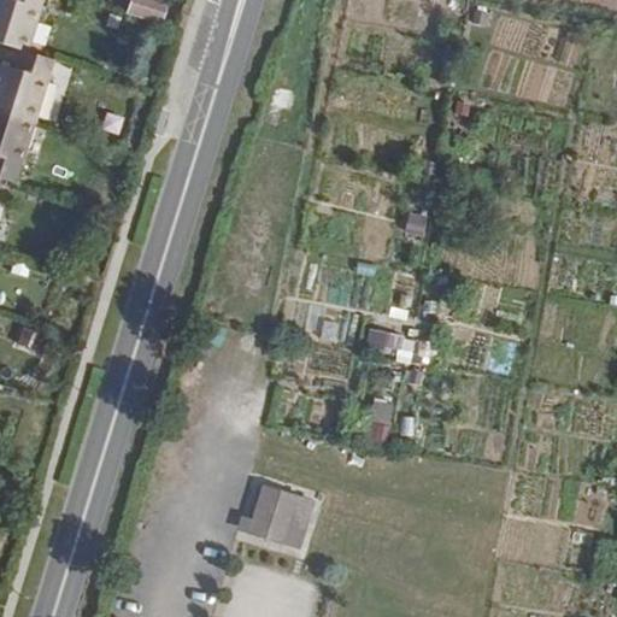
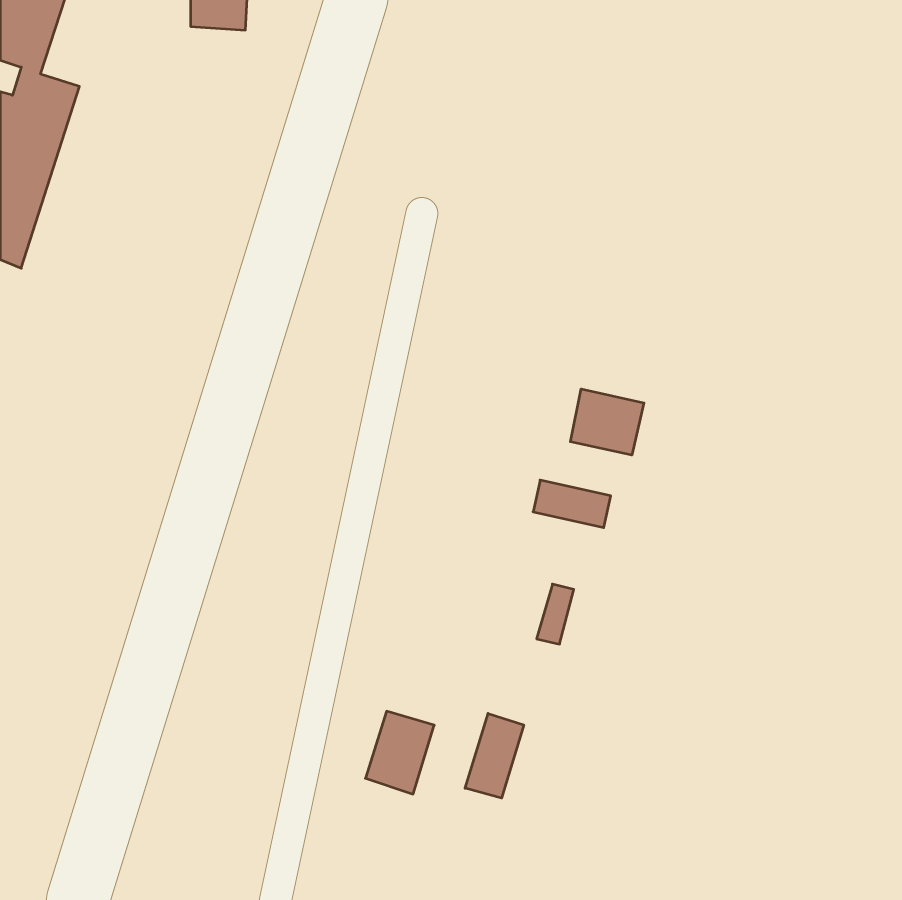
building: none -> [570,389,644,455]
building: none -> [465,713,524,798]

